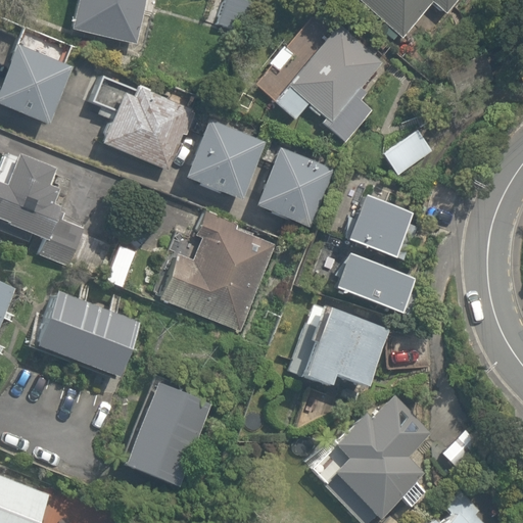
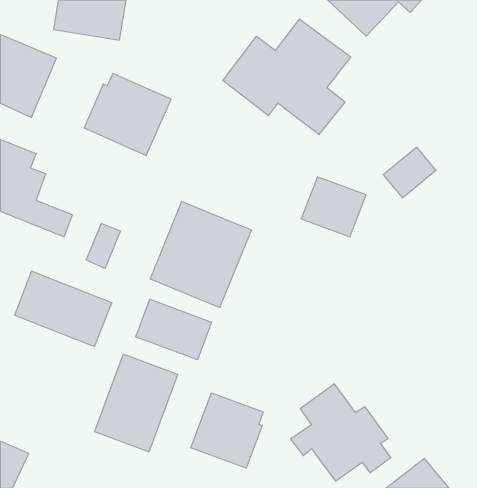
building: [170,112,263,197] -> none
building: [382,125,438,179] -> [383,147,436,198]
building: [246,144,338,225] -> none
building: [311,243,407,312] -> none
building: [296,316,391,396] -> none
building: none -> [136,299,211,360]
building: none -> [191,393,263,468]

